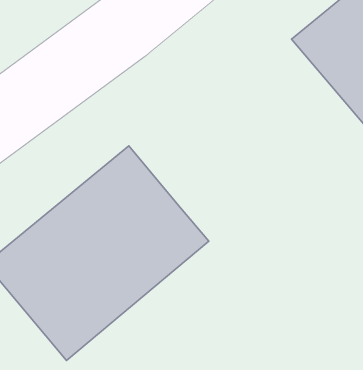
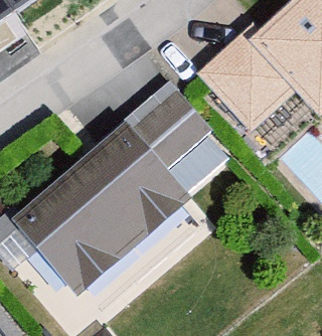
building: none -> [196,42,278,125]
building: none -> [119,91,206,178]

